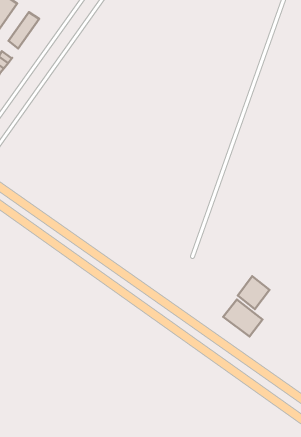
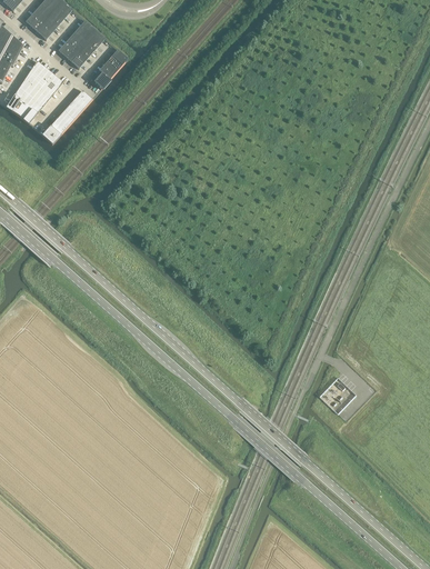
building: [223,300,262,337] -> none

